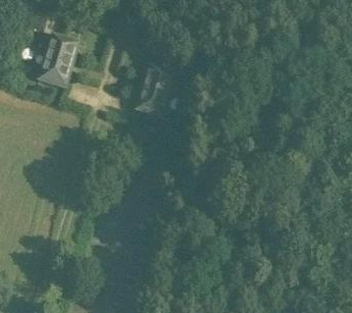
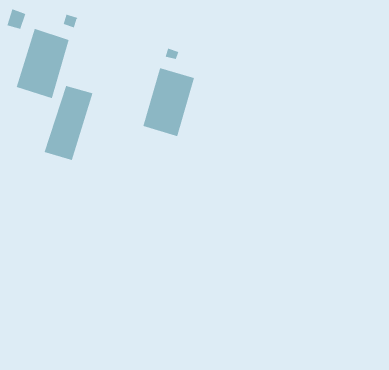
building: none -> [44,85,93,161]

